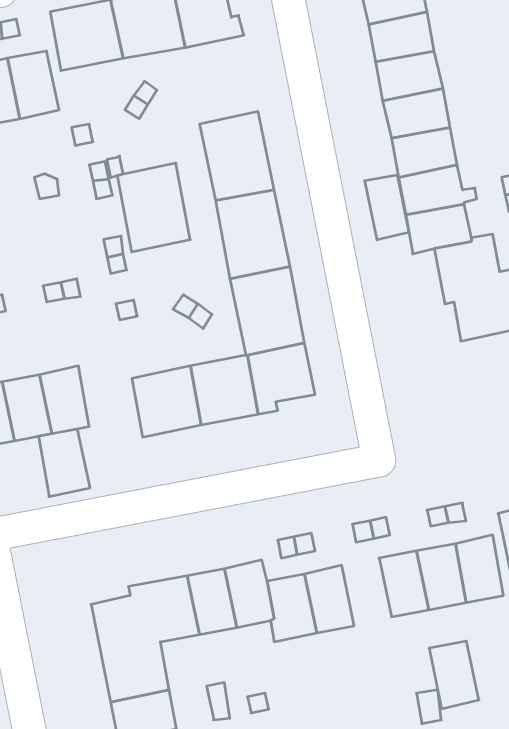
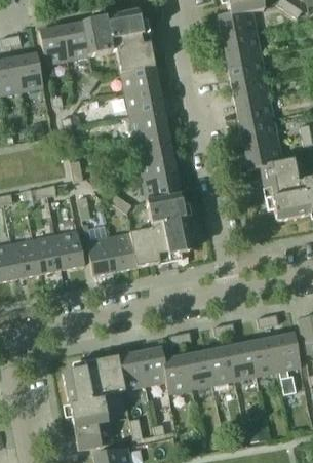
building: [117,163,190,252] -> [117,43,159,94]
building: [365,175,409,240] -> none
building: [38,429,90,497] -> [55,230,85,269]
building: [429,641,479,709] -> [207,345,236,384]

